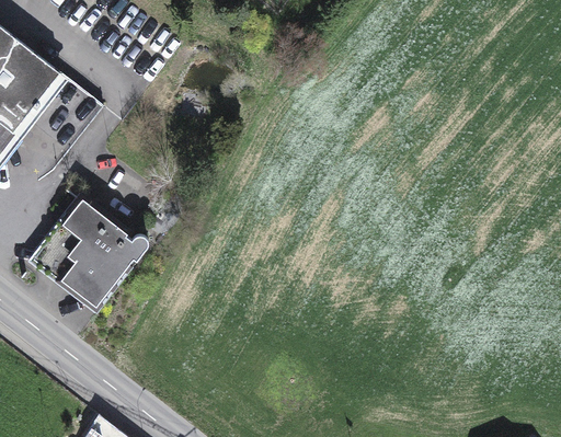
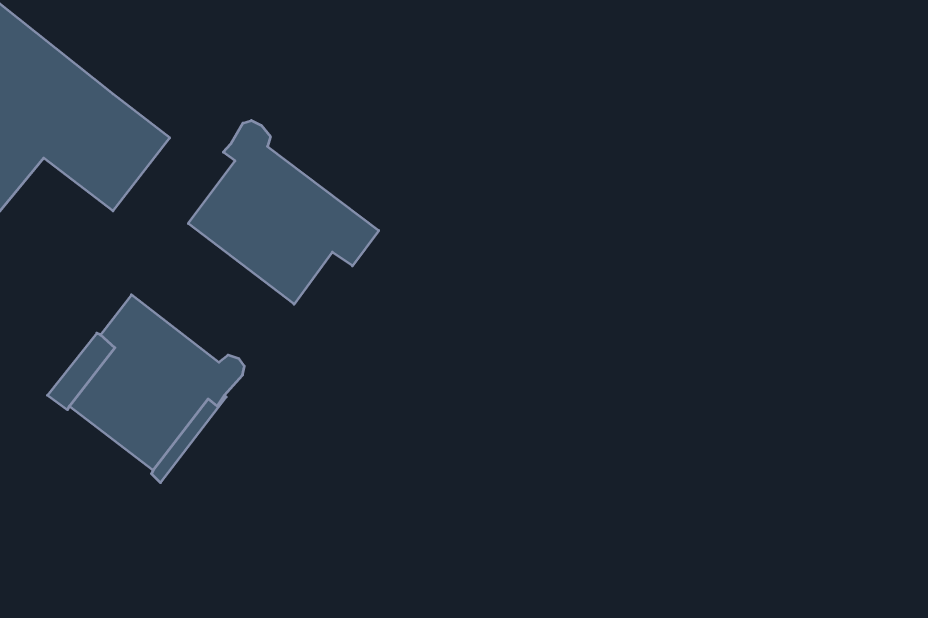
building: none -> [188,120,379,304]

